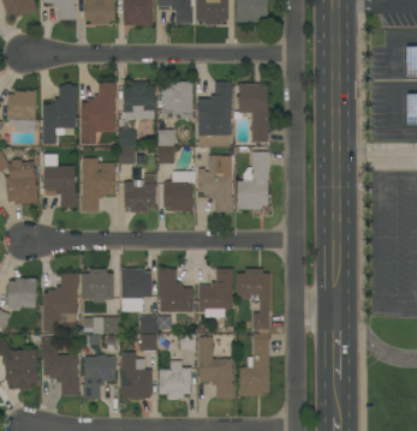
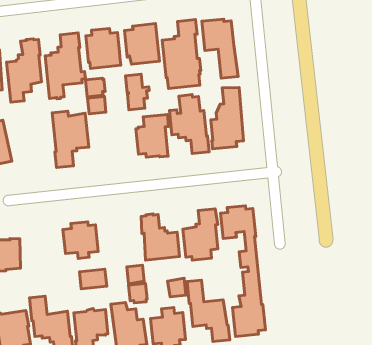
building: [43,151,77,208] -> none
building: [123,180,155,212] -> none
building: [120,269,150,312] -> none
building: [42,274,78,331] -> none

